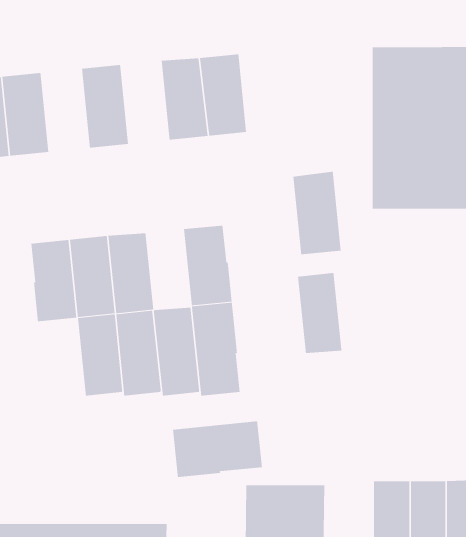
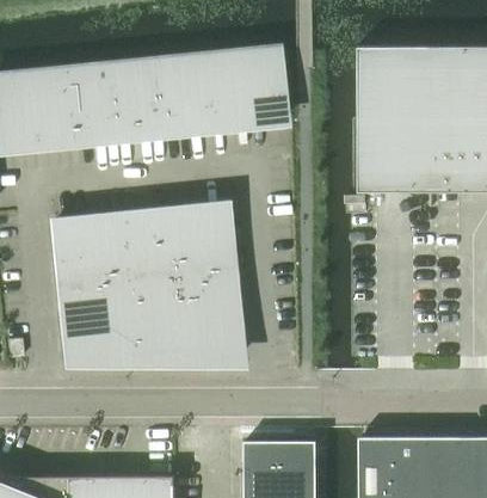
building: none -> [132,60,175,135]
building: none -> [61,67,104,142]
building: [293,171,342,255] -> [239,49,283,124]
building: [297,273,342,353] -> [155,211,196,284]
building: none -> [57,291,100,362]
building: [173,421,262,478] -> none

